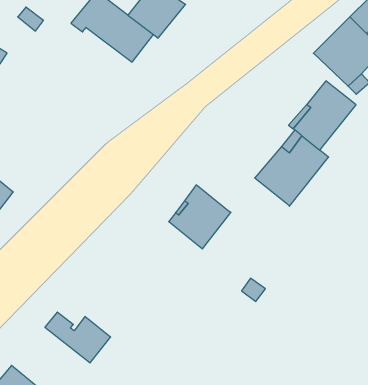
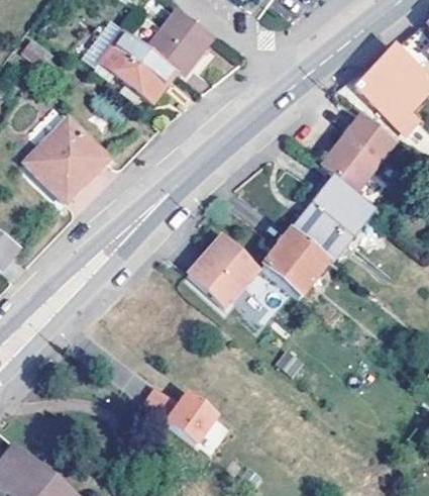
building: none -> [24,118,105,200]
building: none -> [260,230,327,297]
building: [45,312,111,363] -> [139,387,214,444]

